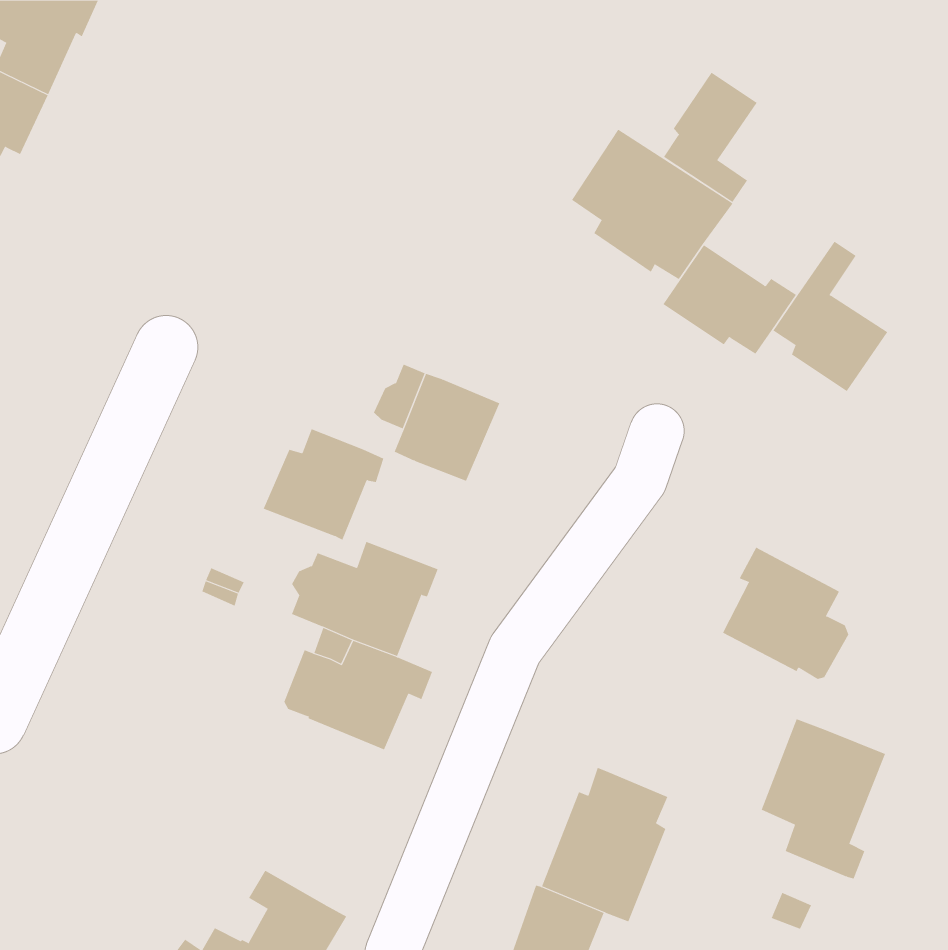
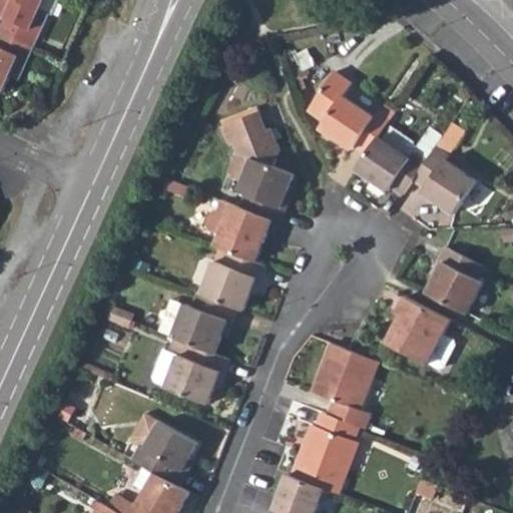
building: [663,72,758,203] -> none
building: none -> [217,112,292,221]
building: [263,429,384,541] -> [196,249,262,310]
building: none -> [422,242,479,310]
building: [761,719,886,879] -> [313,345,380,431]
building: none -> [126,415,194,488]

